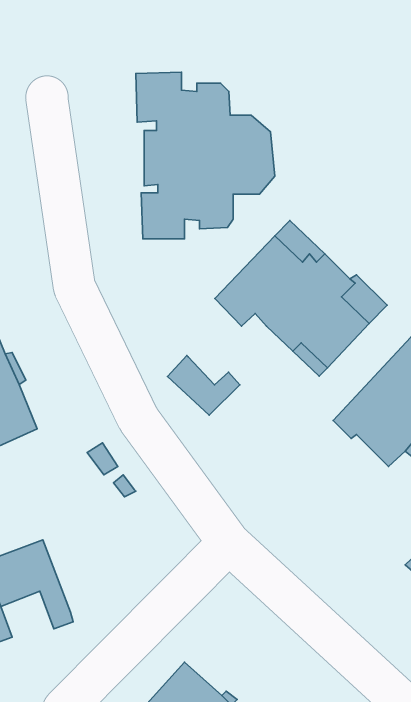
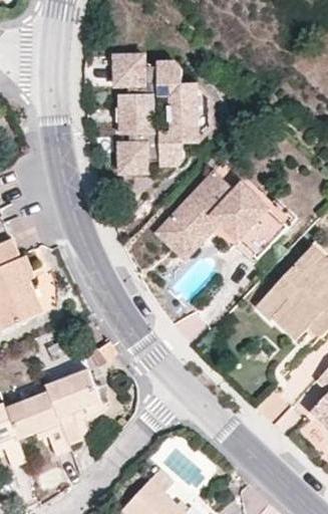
building: [167,356,240,415] -> [155,215,208,258]
building: none -> [44,368,98,443]

